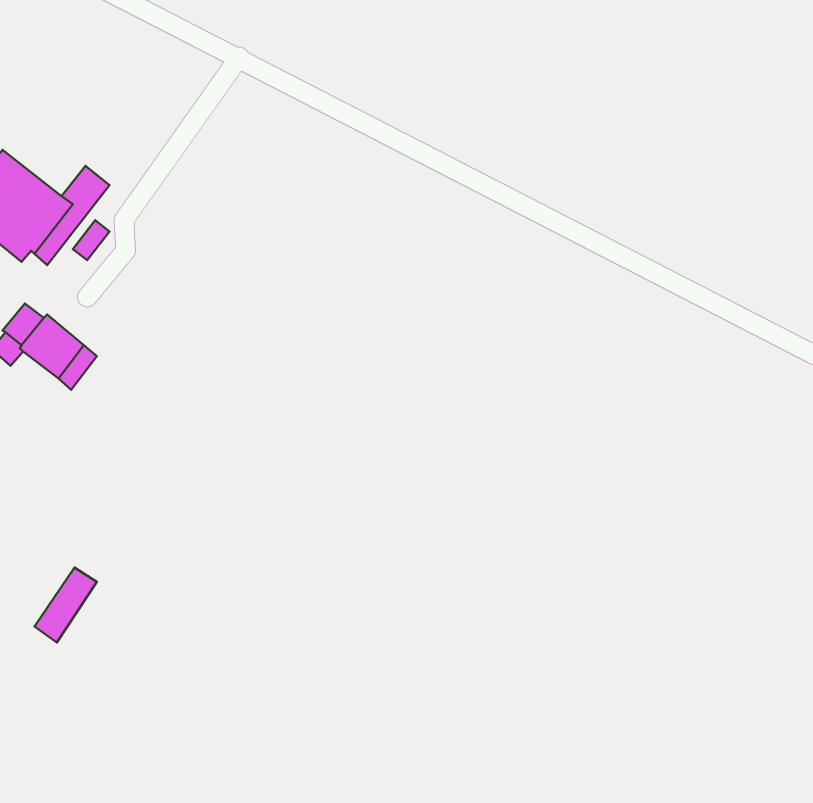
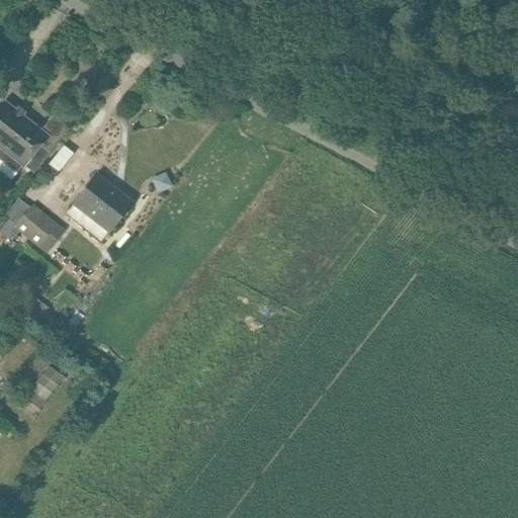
building: none -> [73,175,132,232]

